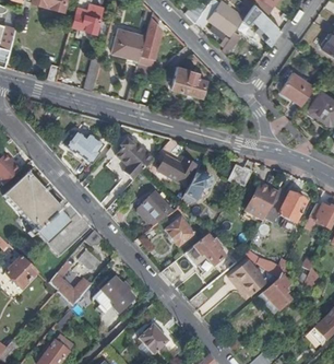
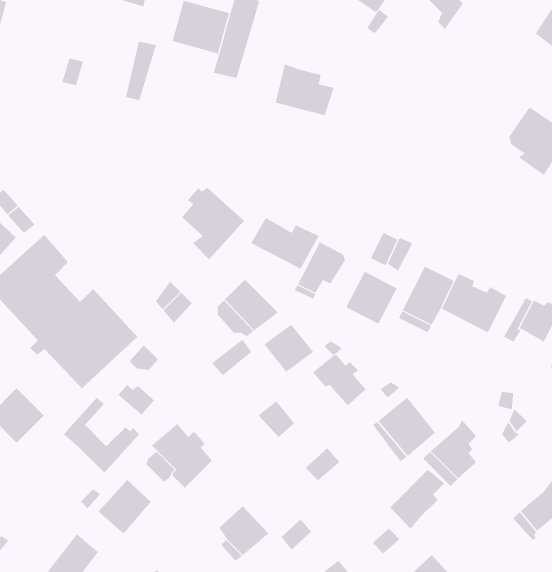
building: [279,71,314,105] -> none
building: [65,130,104,163] -> none
building: none -> [346,271,397,324]
building: none -> [389,469,445,530]
building: none -> [97,479,152,535]

